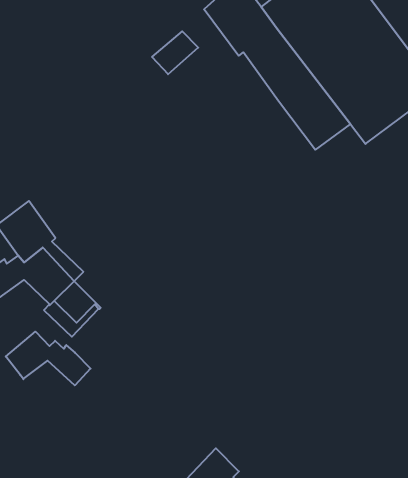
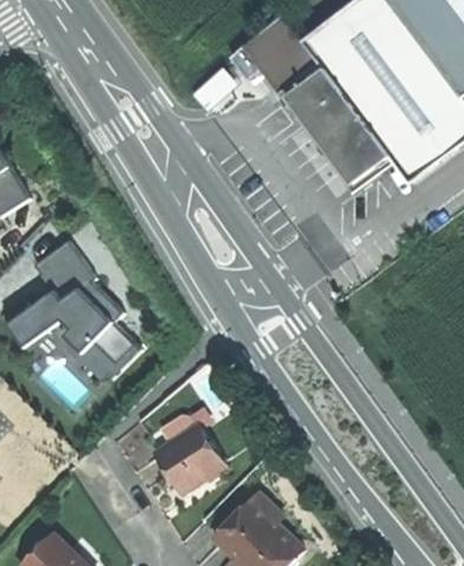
building: [6,332,91,385] -> none
building: none -> [154,426,223,494]

